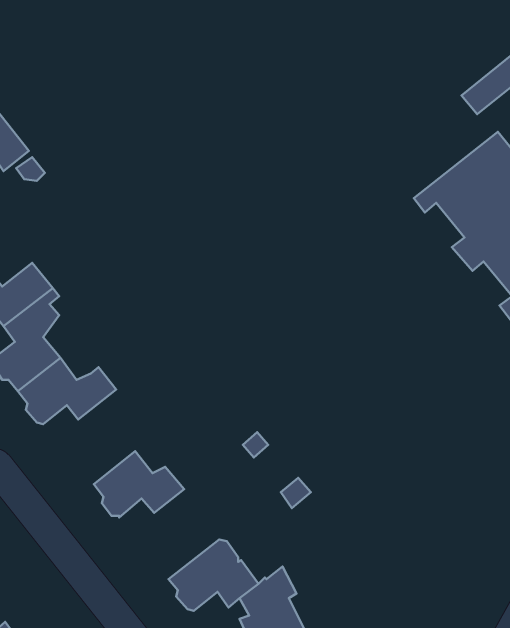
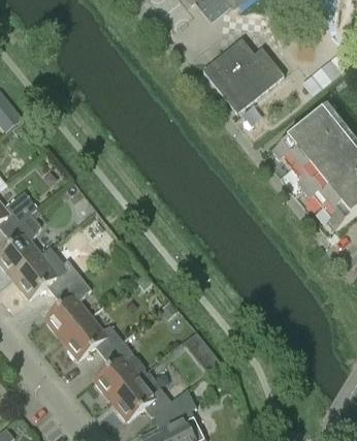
building: none -> [201,39,283,114]
building: none -> [45,274,90,336]
building: none -> [94,339,144,398]

